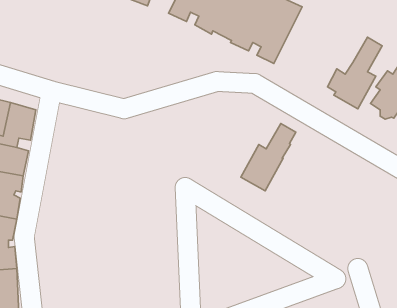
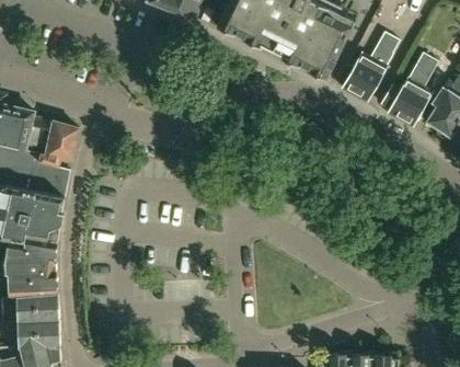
building: [241,124,296,191] -> [342,31,399,101]

